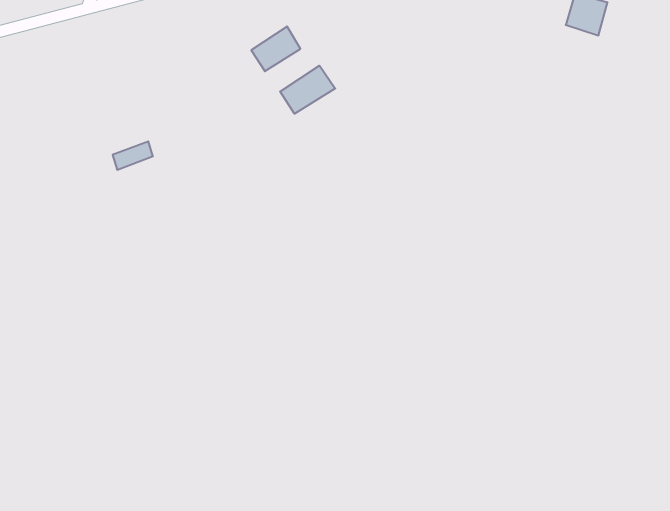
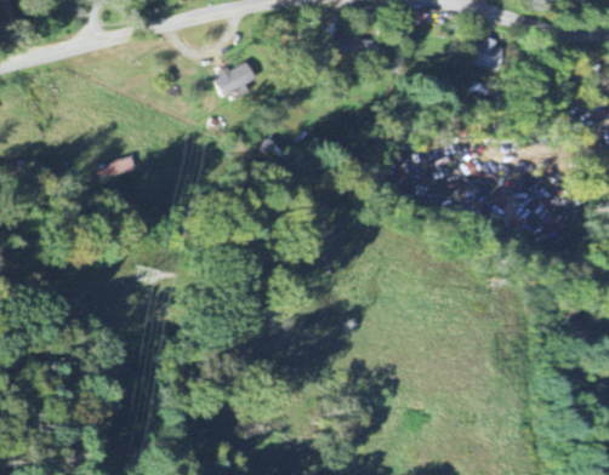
building: [280,66,335,114] -> none

